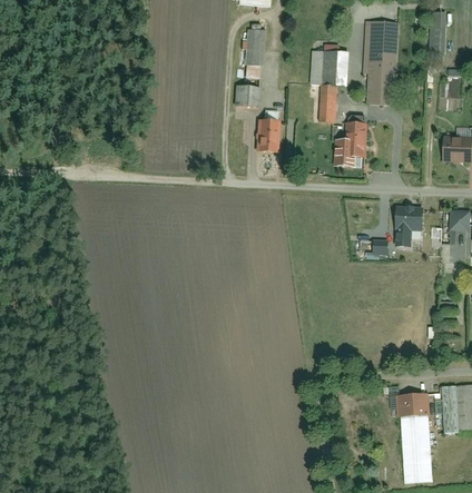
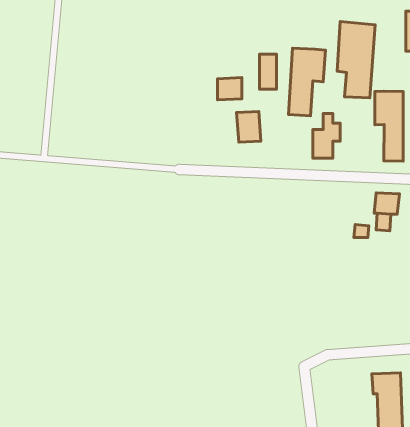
building: [246,28,264,65] -> [259,54,276,89]
building: none -> [375,91,403,161]

